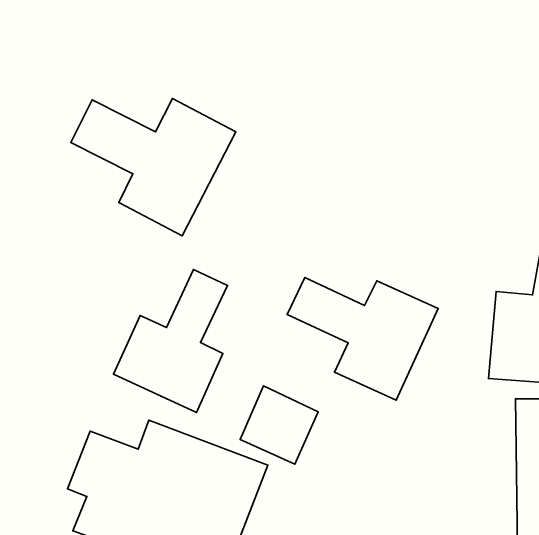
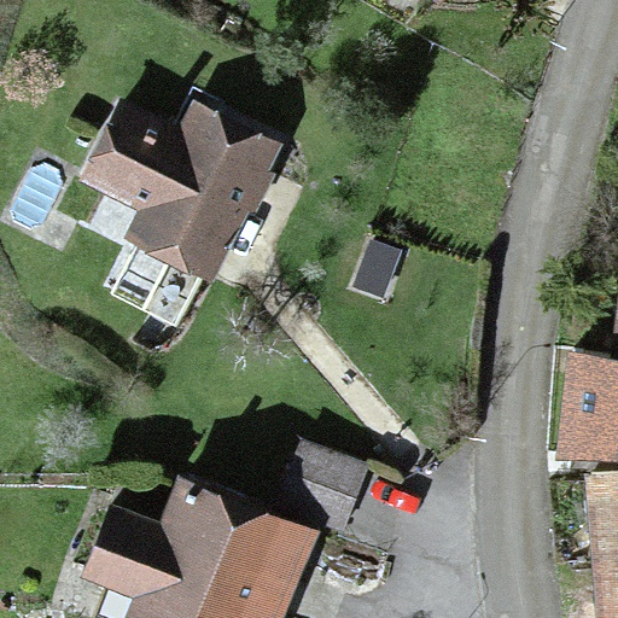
building: [114,269,227,412] -> none
building: [287,277,438,400] -> none

